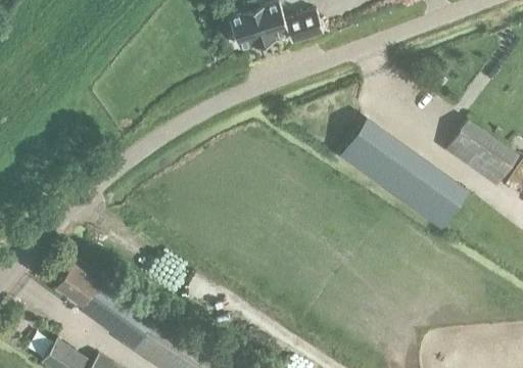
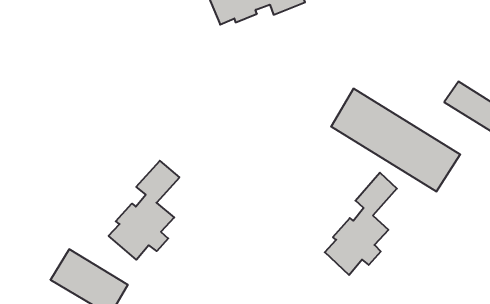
building: none -> [109,161,179,260]
building: none -> [325,173,397,275]

